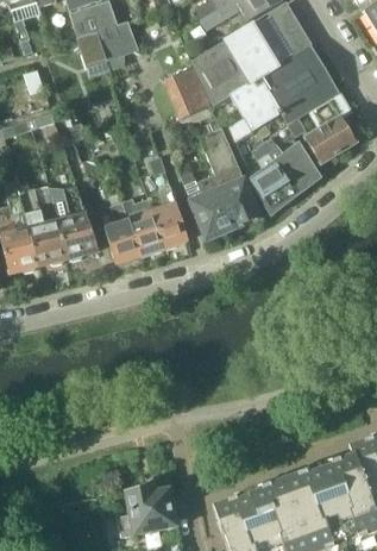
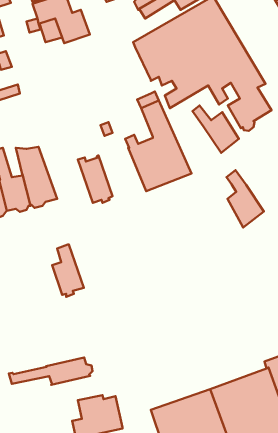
building: [165,65,212,118] -> none
building: [251,143,296,212] -> [226,170,264,227]
building: [149,184,188,249] -> none
building: [103,201,142,264] -> [52,245,84,297]
building: none -> [9,357,93,385]

